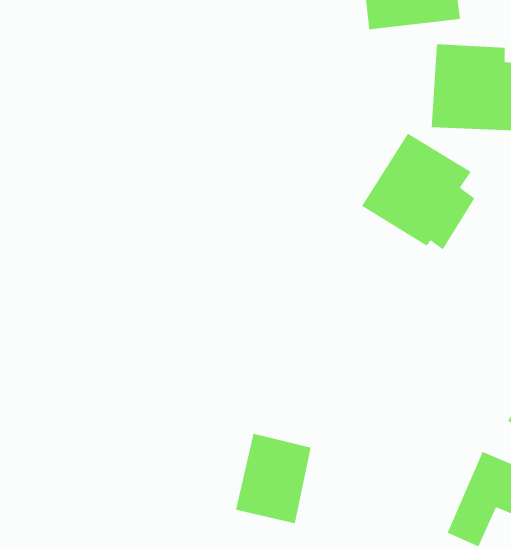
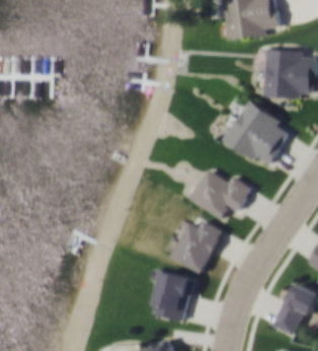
building: none -> [186,169,251,219]
building: none -> [168,220,223,274]

